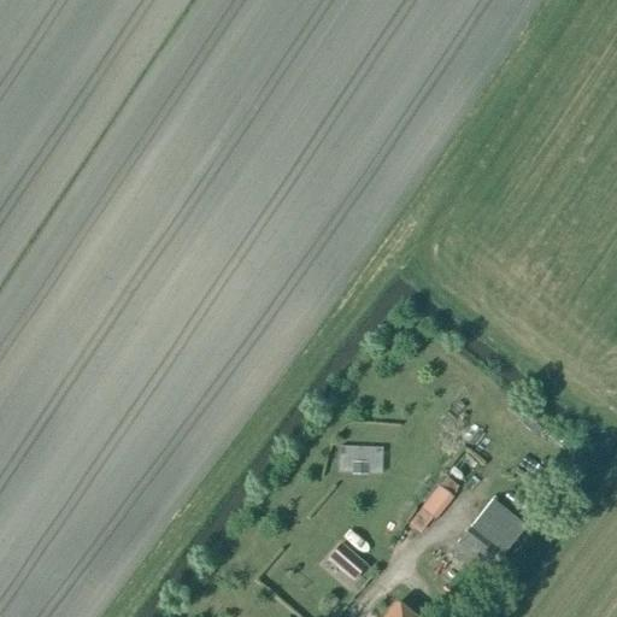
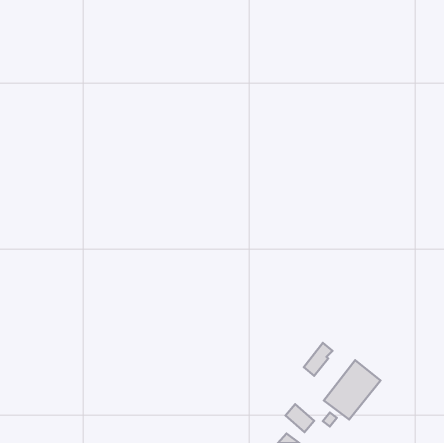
building: [340,445,384,471] -> none
building: [328,543,368,582] -> [285,404,314,432]

